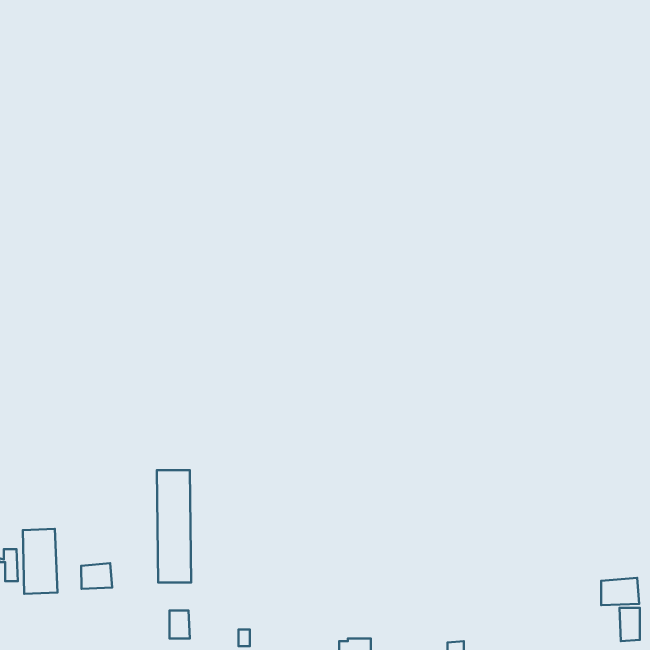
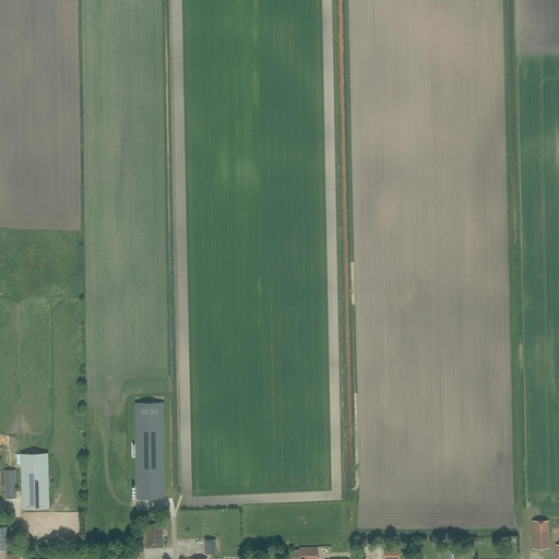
building: [81,563,112,589] -> none
building: [601,578,639,605] -> none

